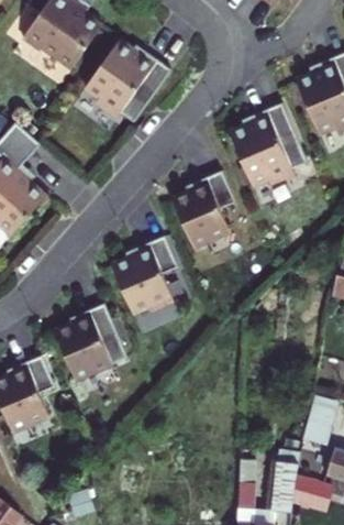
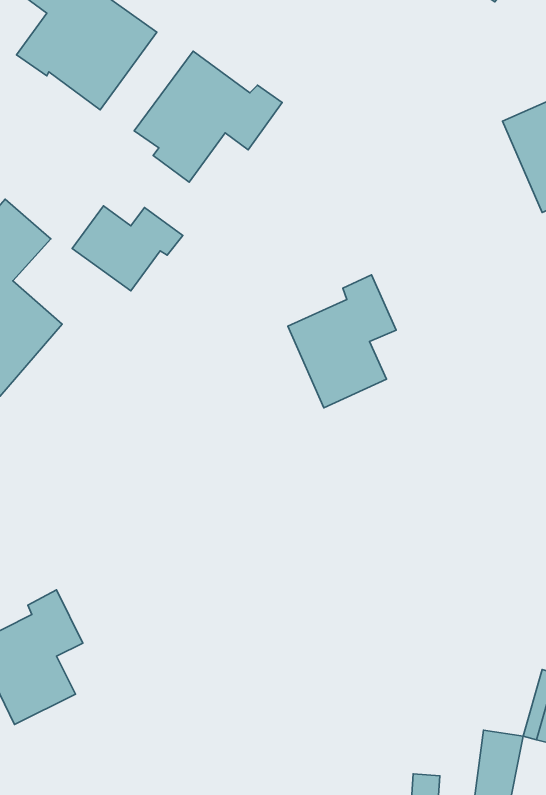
building: [231,106,309,188] -> none
building: none -> [72,206,183,291]
building: [112,238,188,316] -> none
building: [54,303,116,380] -> none

